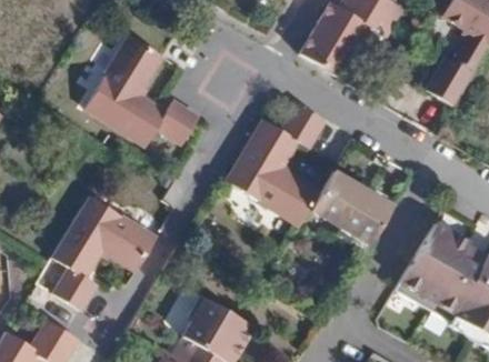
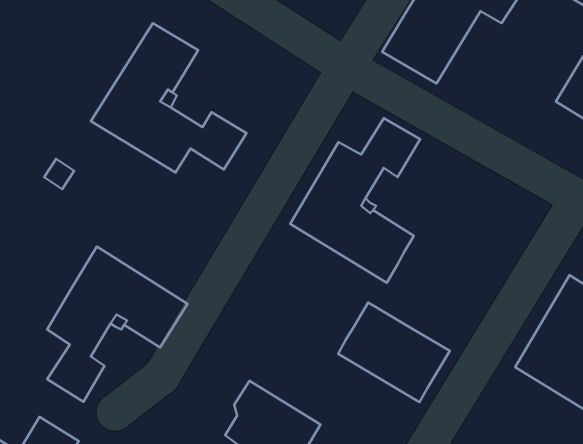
building: [309,172,391,245] -> [338,302,450,402]

